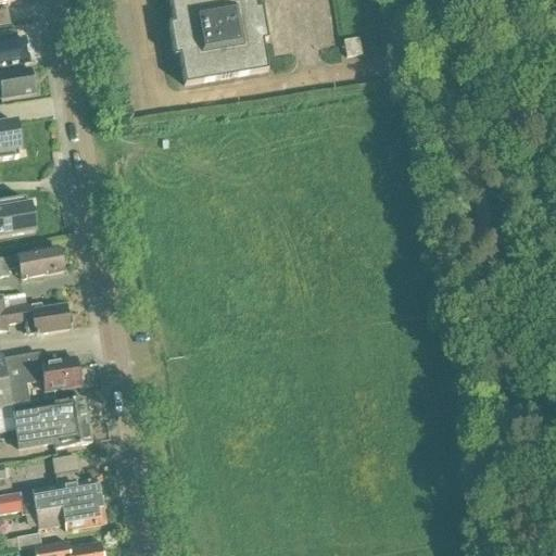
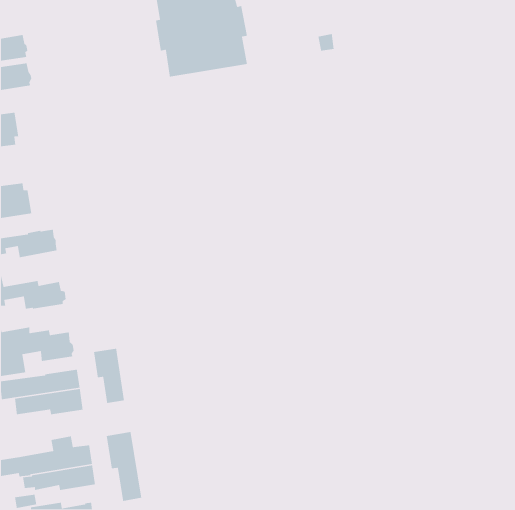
building: none -> [93,348,125,404]
building: none -> [106,431,142,502]

